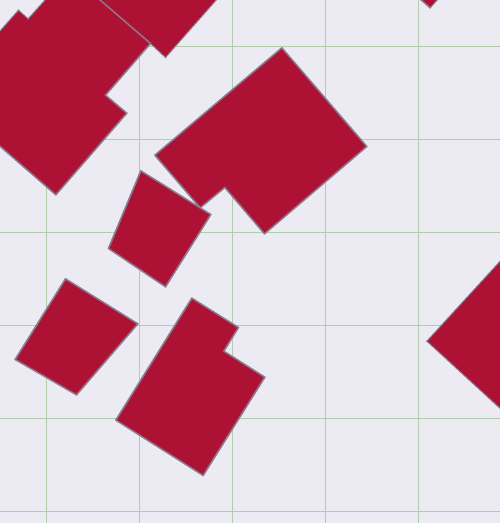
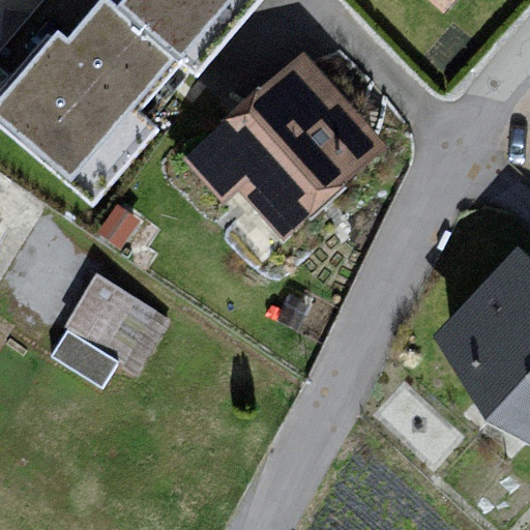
building: [109,171,211,287] -> none
building: [116,298,265,476] -> none

